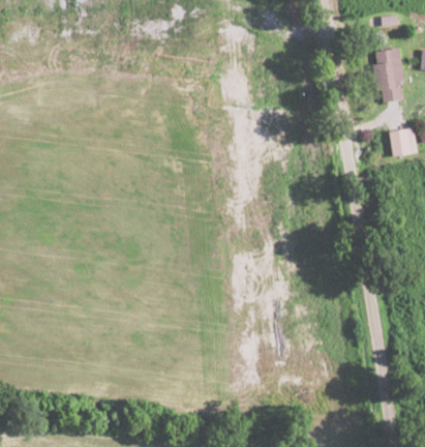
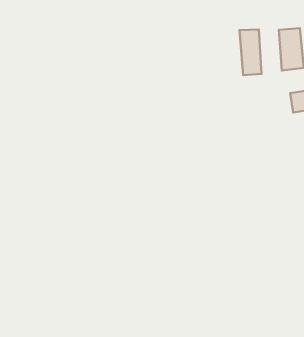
building: none -> [239,29,261,75]

